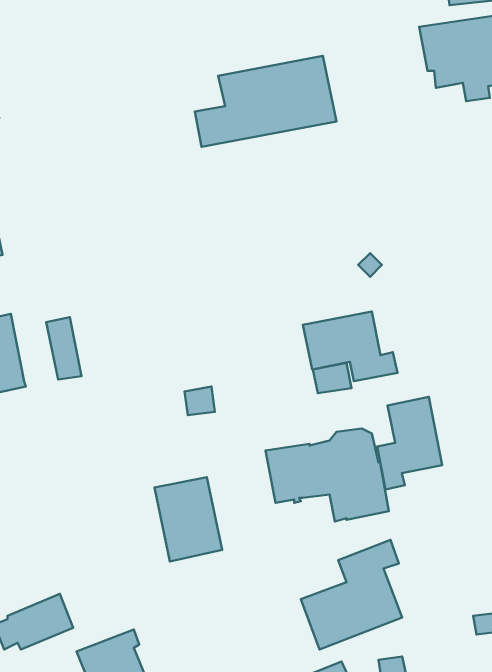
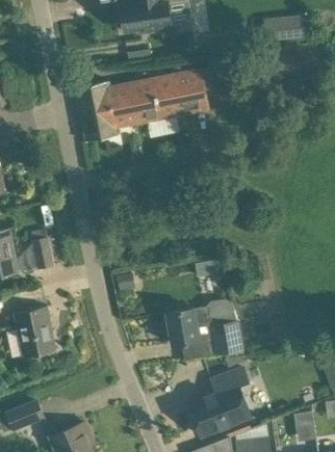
building: none -> [75,81,141,141]
building: [303,312,397,381] -> none
building: [377,397,442,490] -> none
building: [155,477,222,562] -> [15,305,56,357]

